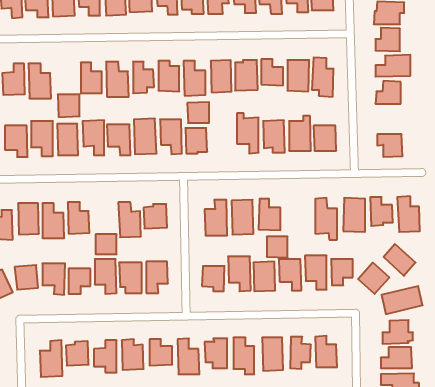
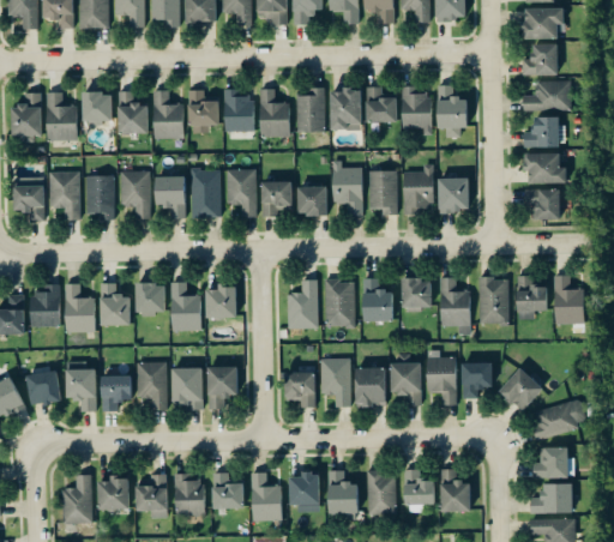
building: [58,94,80,117] -> [80,94,110,125]
building: [187,102,209,123] -> [296,187,326,216]
building: none -> [525,153,566,186]
building: [96,234,117,254] -> [136,285,164,313]
building: [267,237,288,258] -> [402,281,431,309]
building: [384,244,416,276] -> none

